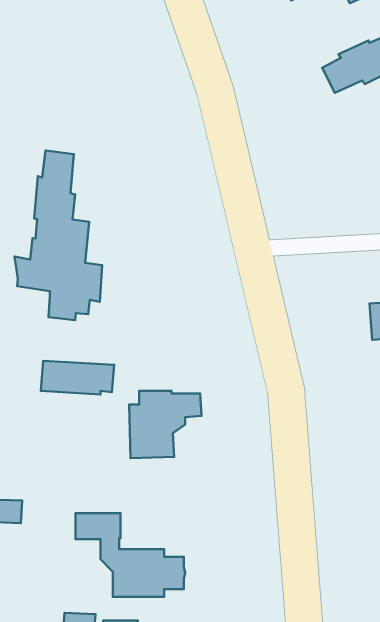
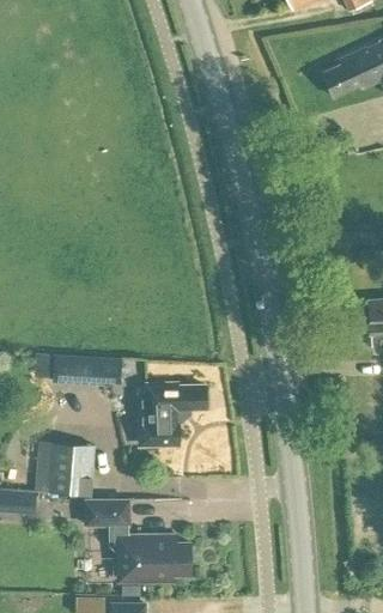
building: [15,150,102,320] -> none
building: none -> [35,442,95,494]

